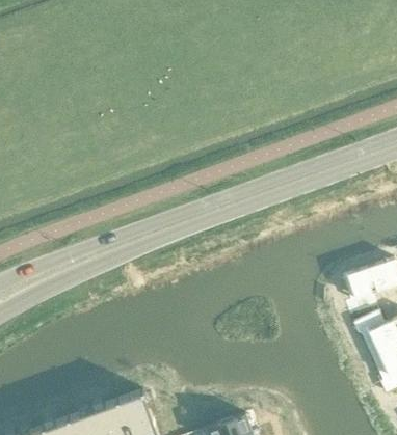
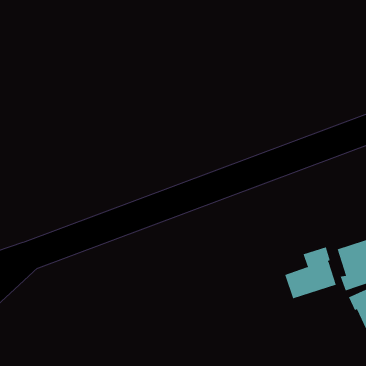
building: none -> [285,247,336,299]

